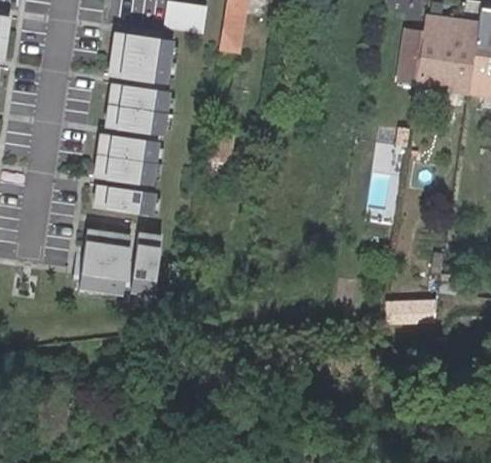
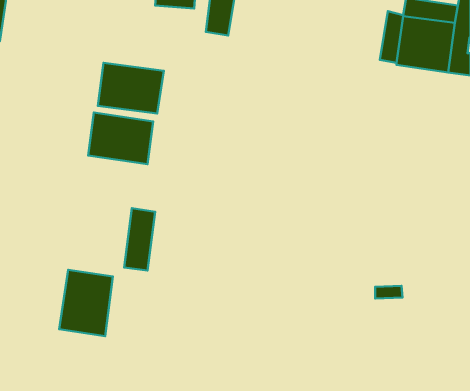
building: [108,32,175,84] -> none
building: [93,184,157,216] -> none
building: [78,228,133,296] -> [59,270,113,336]

